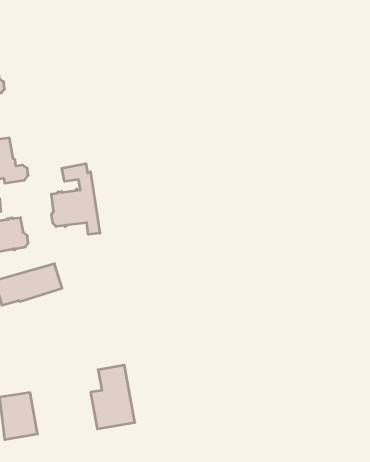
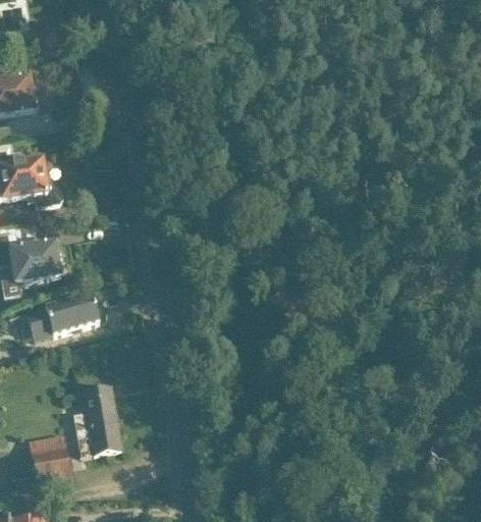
building: [51,164,100,234] -> none
building: [91,365,135,429] -> [74,384,122,454]

